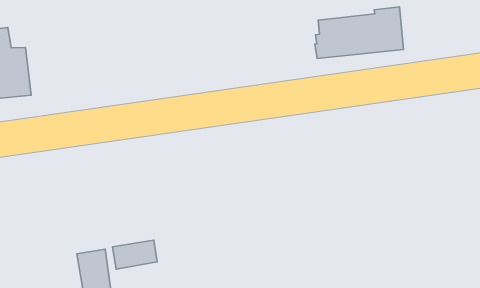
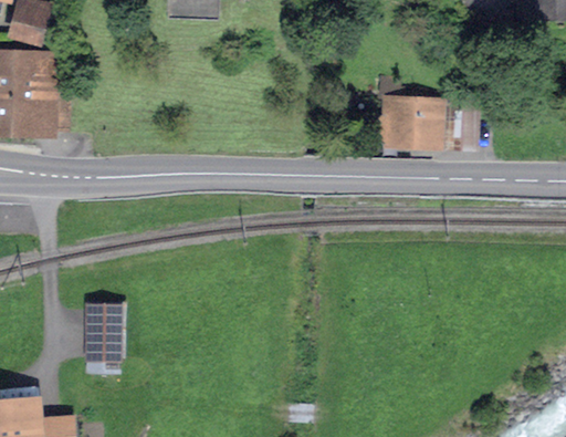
building: [112,240,157,269] -> none

